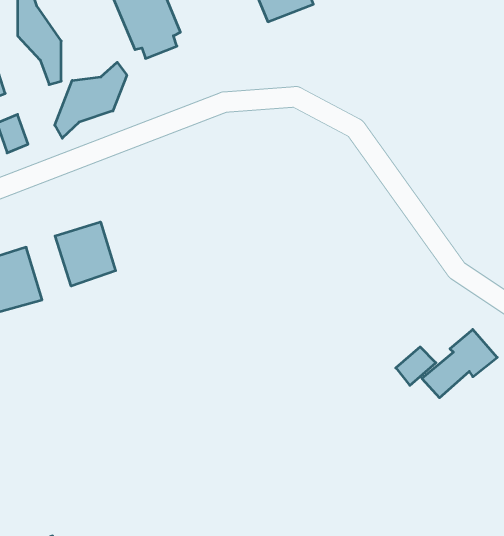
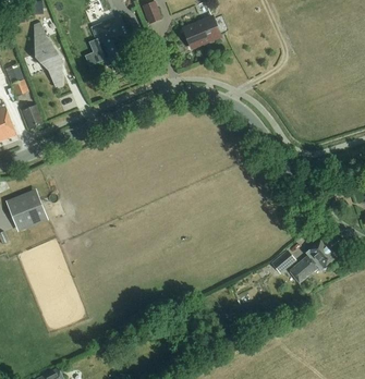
building: [55,62,127,138] -> none
building: [55,222,116,286] -> none

